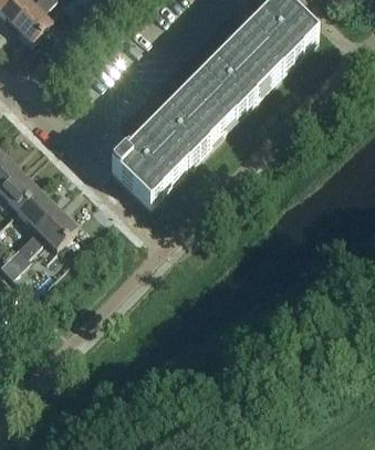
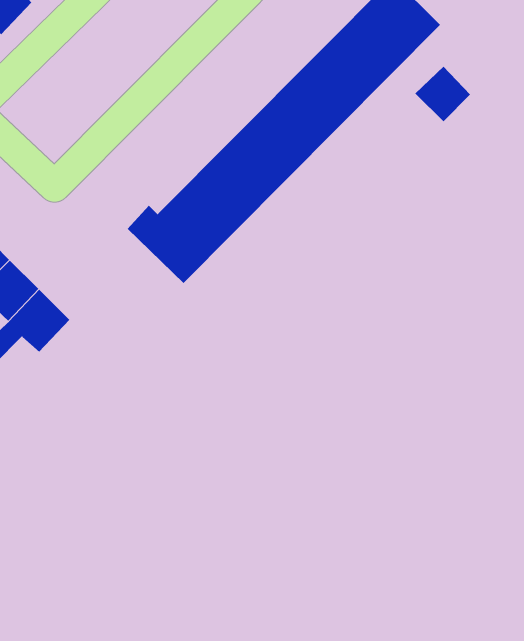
building: none -> [414,66,471,122]

